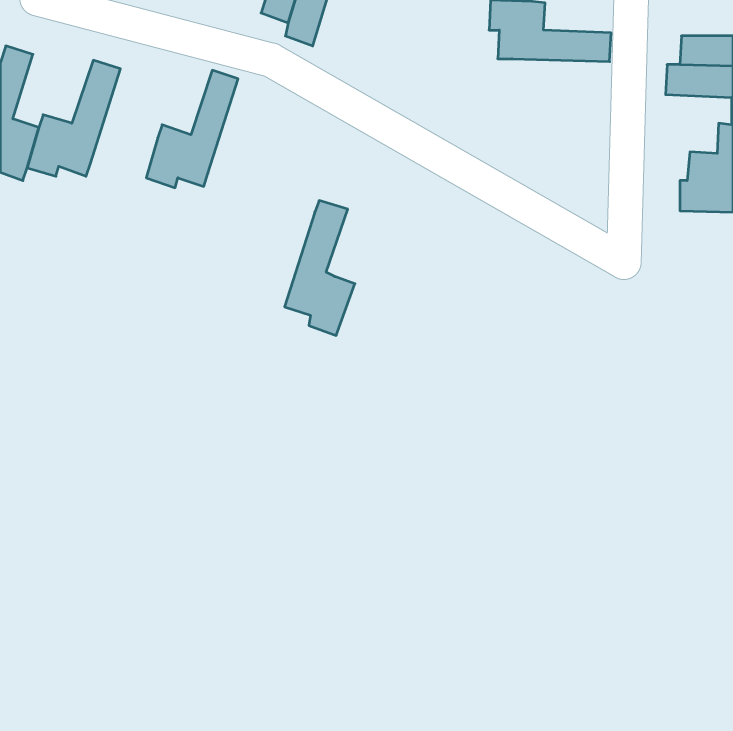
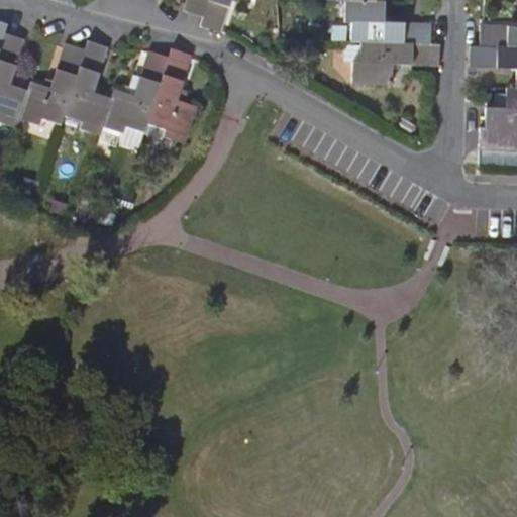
building: none -> [64,39,111,134]
building: none -> [351,41,439,84]
building: [285,201,355,335] -> [146,47,196,142]

